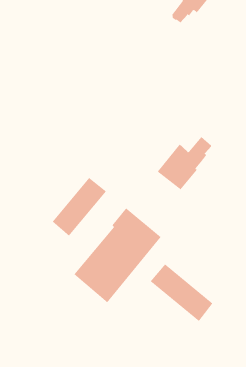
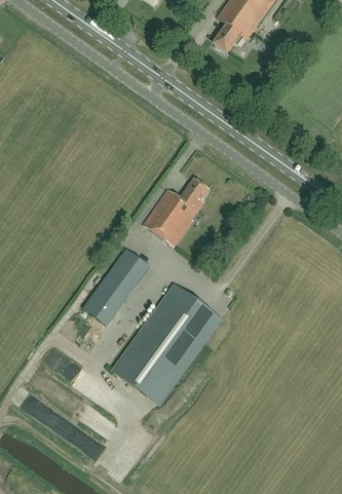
building: [157,137,213,190] -> [142,179,208,246]
building: [150,264,213,322] -> none

